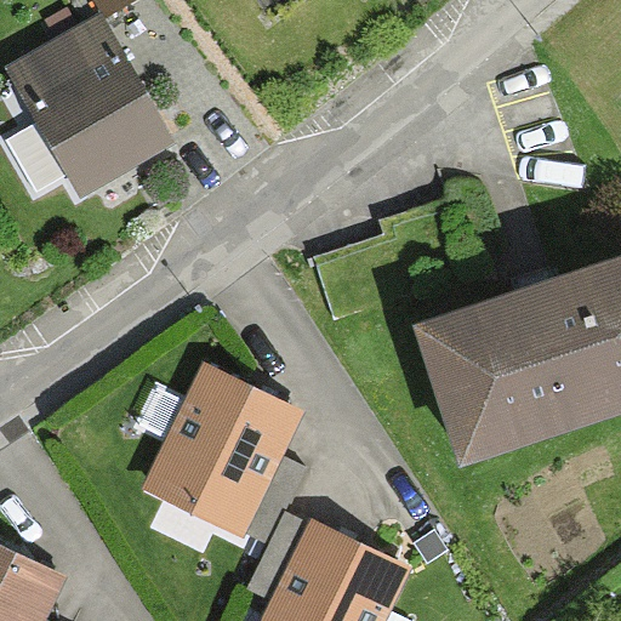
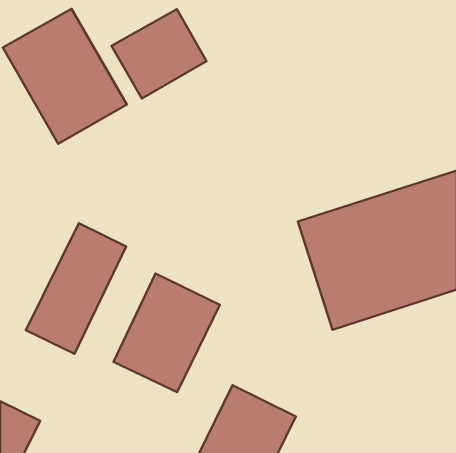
building: none -> [112,9,206,98]
building: none -> [26,223,126,354]

